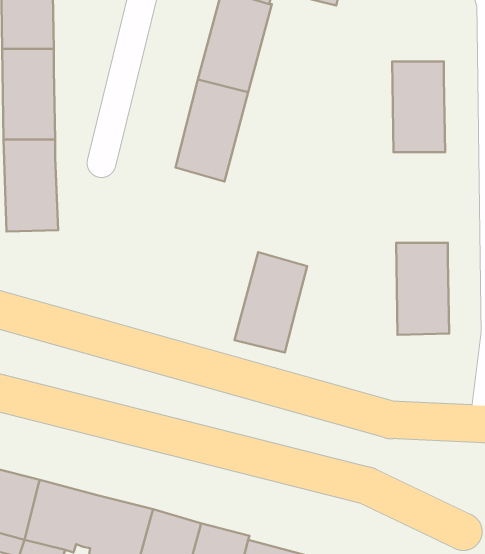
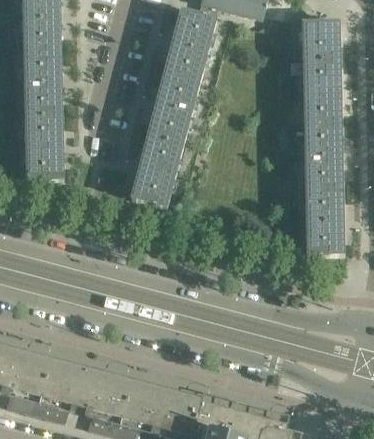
building: none -> [301,22,339,60]
building: none -> [303,125,342,190]
building: [234,252,307,353] -> [130,136,182,208]

